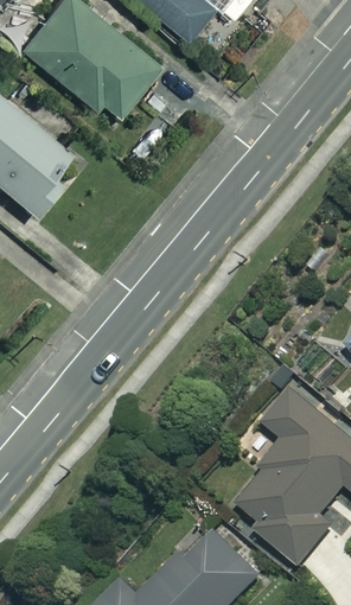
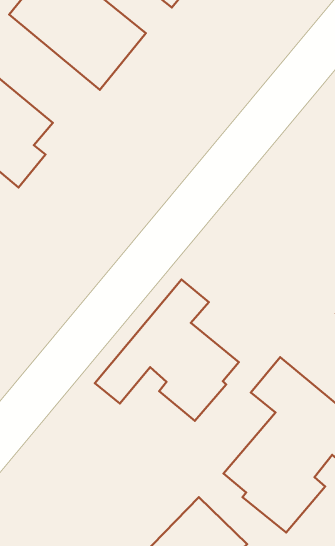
building: none -> [95,279,239,421]

